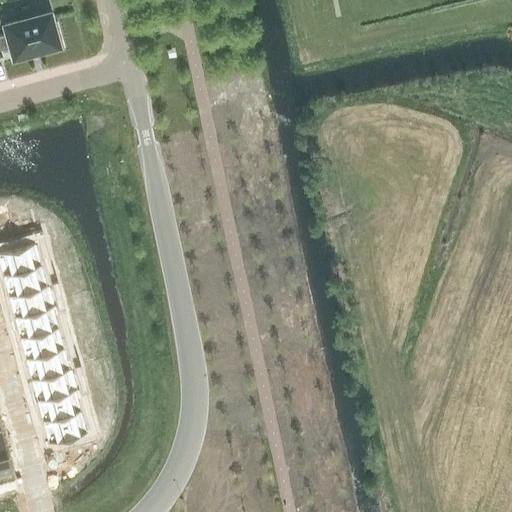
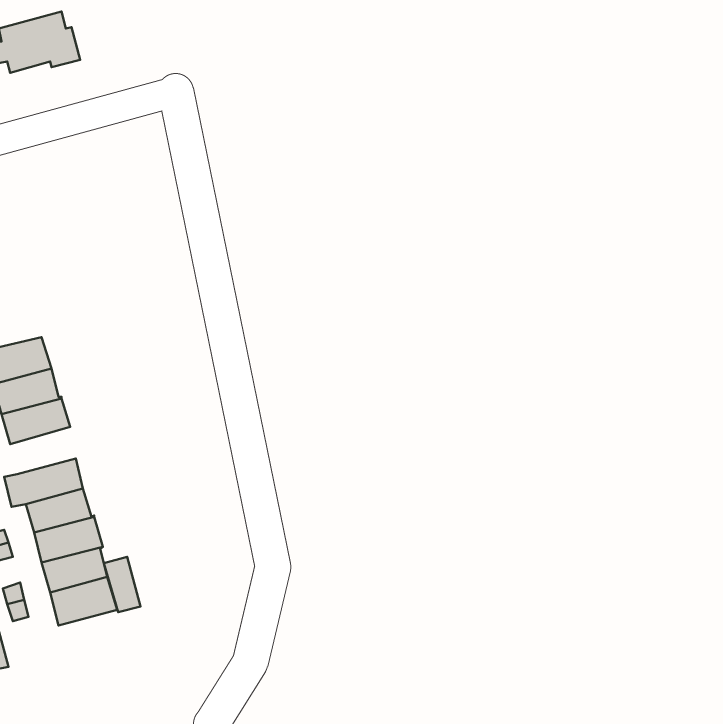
building: [7,299,53,332] -> none
building: none -> [104,557,141,612]

